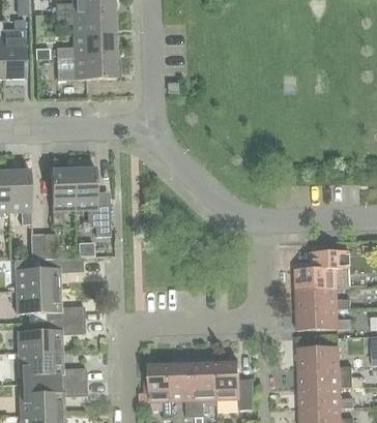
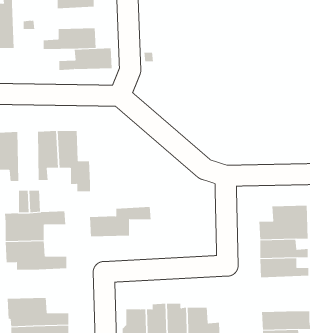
building: [56,33,115,58] -> [59,48,112,70]
building: [17,320,85,353] -> [89,207,151,237]
building: [296,345,339,367] -> none

